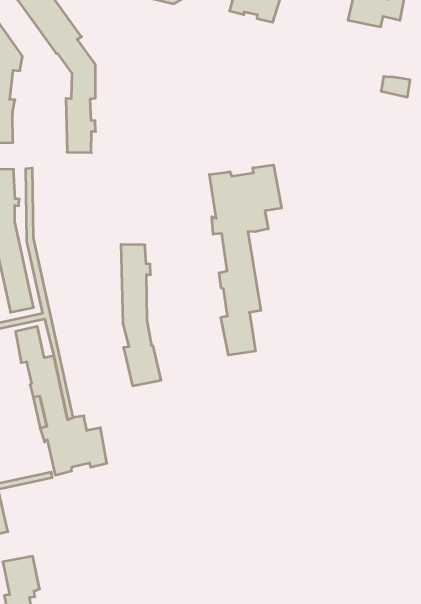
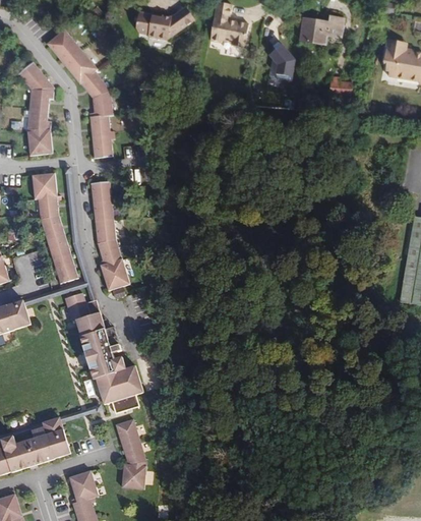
building: none -> [267,41,293,80]
building: [209,165,282,355] -> none
building: [121,244,161,386] -> [91,182,129,290]
building: none -> [117,419,148,488]

